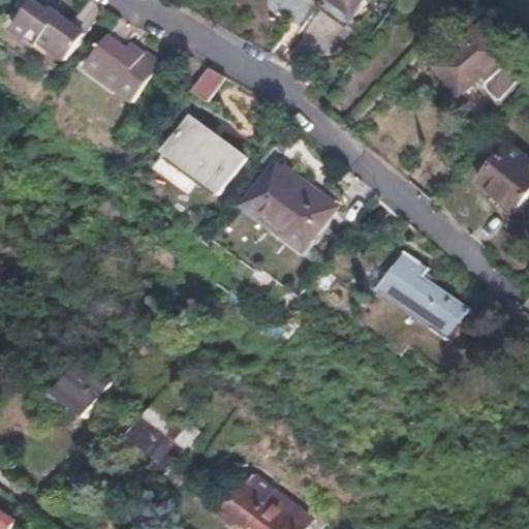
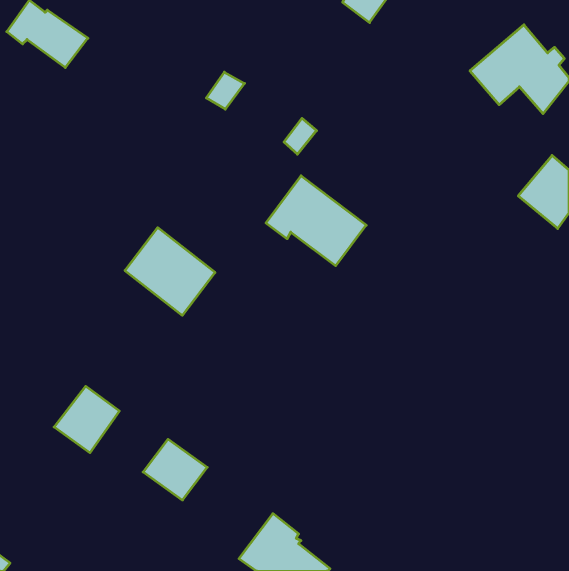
building: [84,34,159,104] -> none
building: [162,116,245,196] -> [125,228,215,315]
building: [371,249,467,339] -> none

